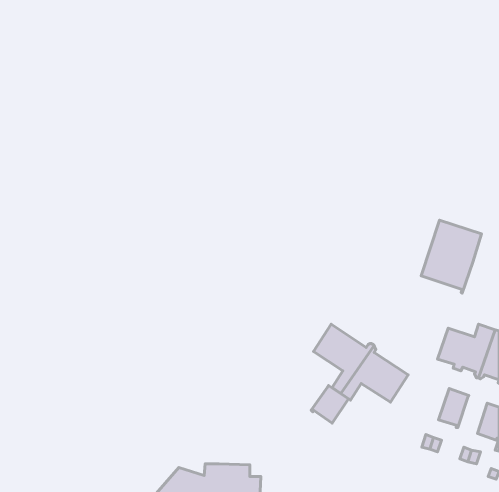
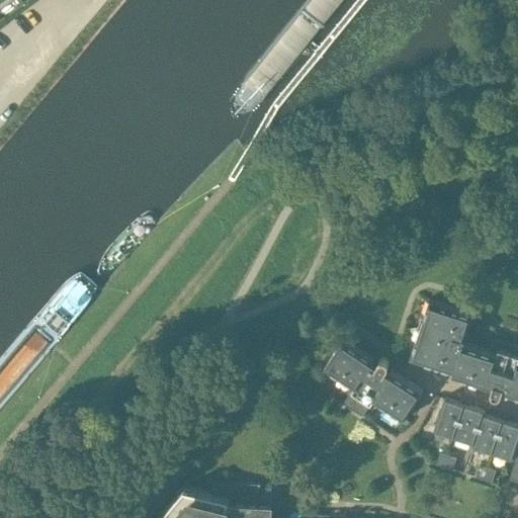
building: [421,220,482,293] -> [411,304,473,379]
building: none -> [434,403,465,442]
building: [311,385,348,423] -> none
building: none -> [474,419,505,456]

